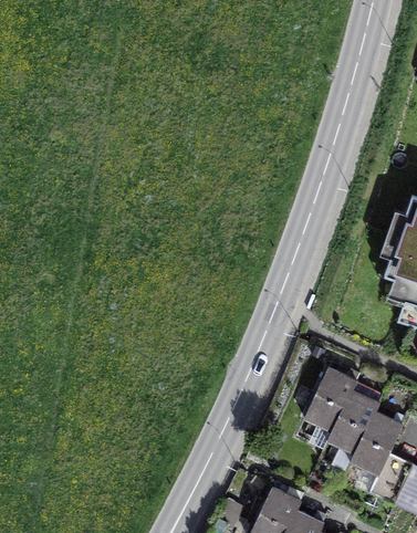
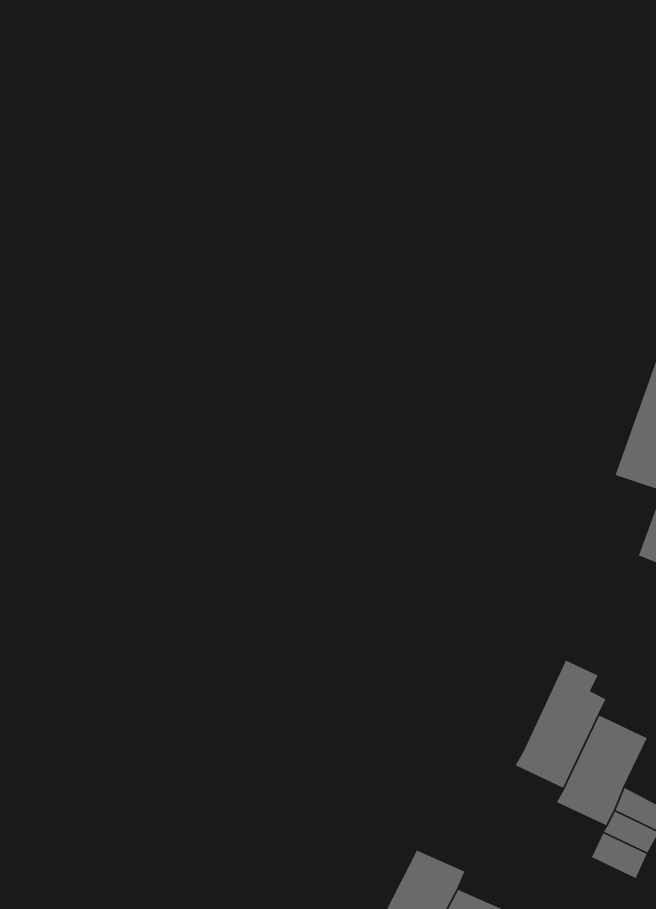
building: [304,368,356,433] -> none

